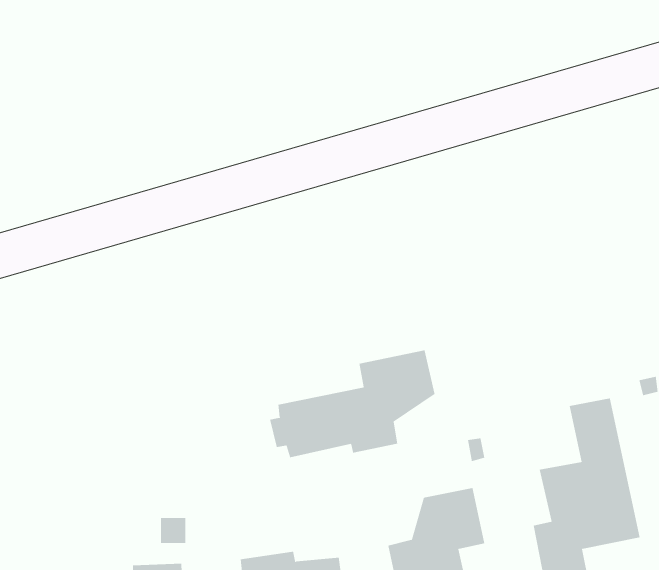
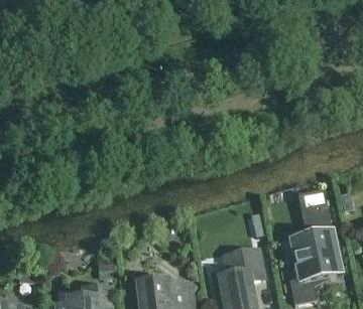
building: [270,349,435,458] -> none

